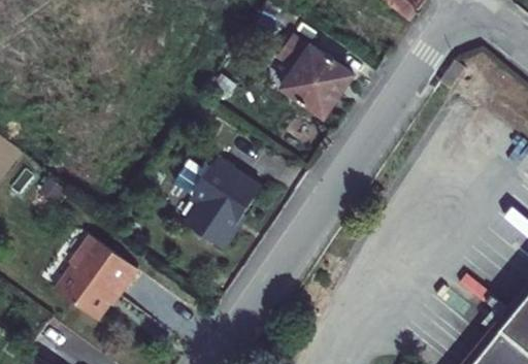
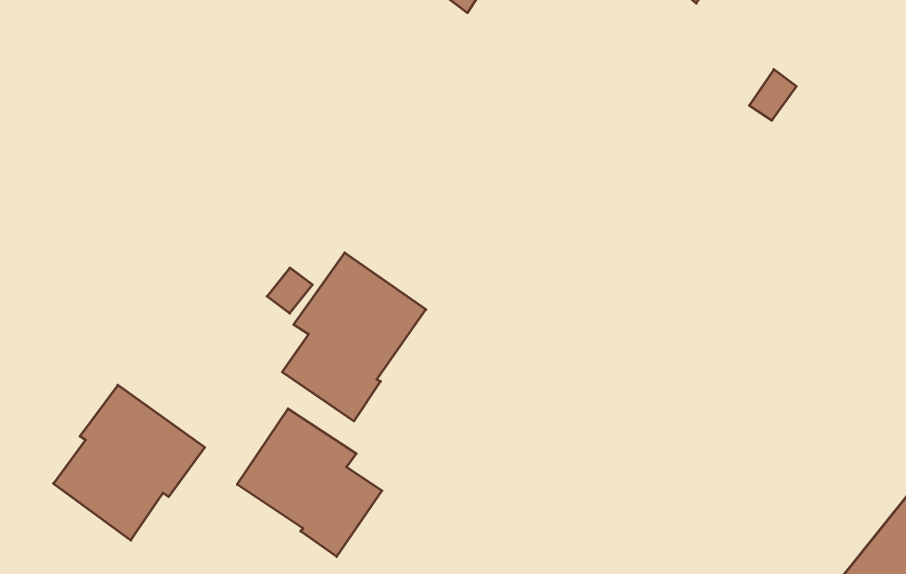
building: [277,34,354,119] -> none
building: none -> [237,409,382,557]

